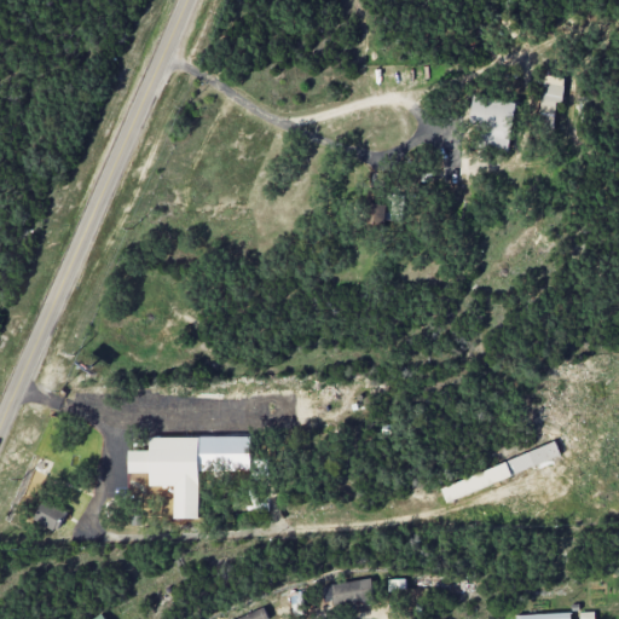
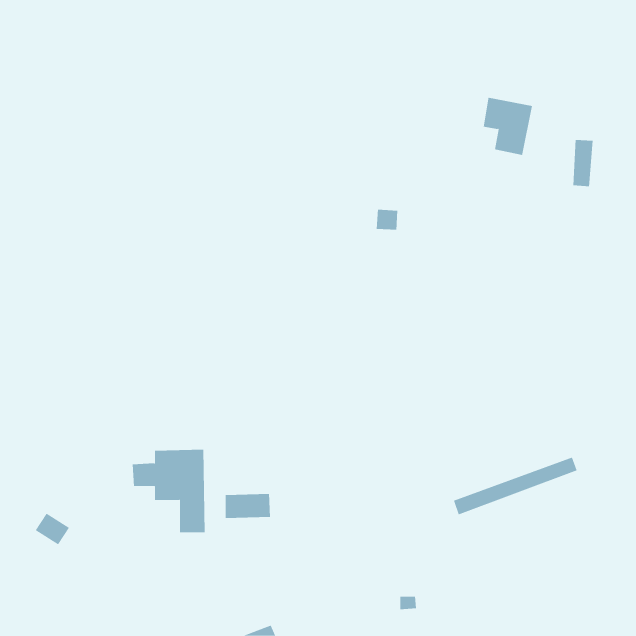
building: [540,76,561,122] -> [572,139,594,187]
building: [202,435,247,459] -> [225,494,271,518]
building: [331,579,374,604] -> none

